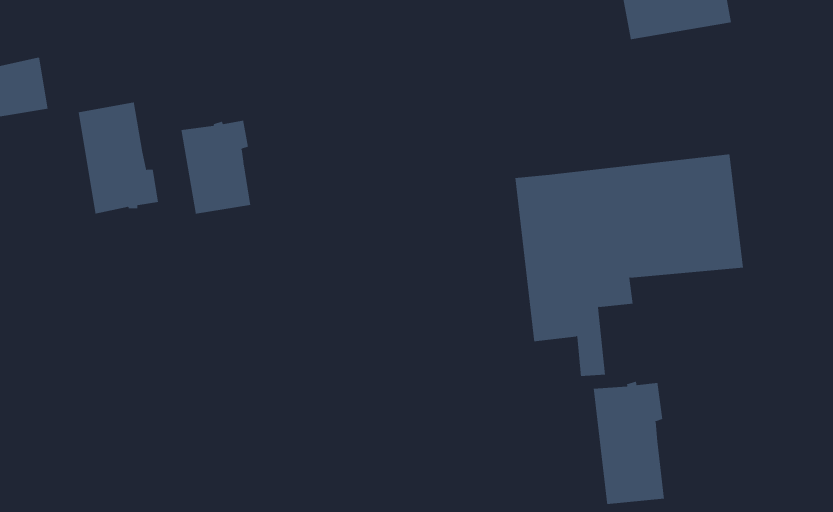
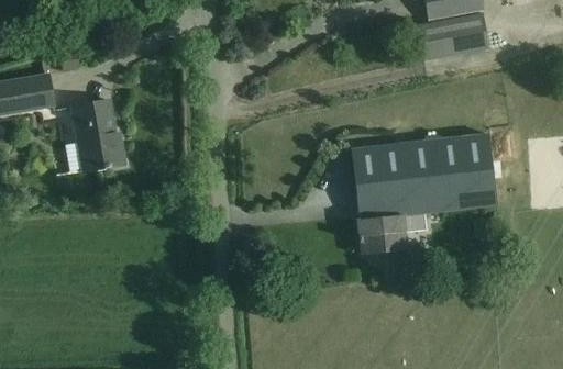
building: [181,120,251,214] -> none
building: [593,381,664,505] -> none

